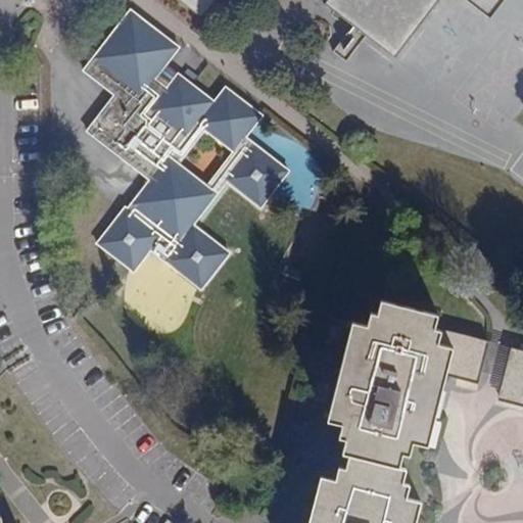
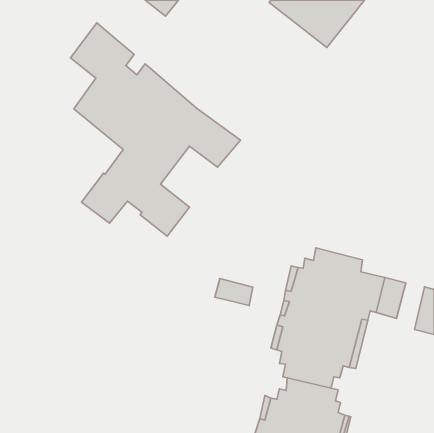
building: [116,12,177,66] -> none
building: [175,72,289,170] -> none
building: none -> [215,279,253,305]

